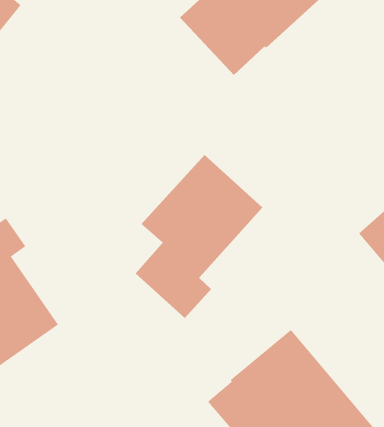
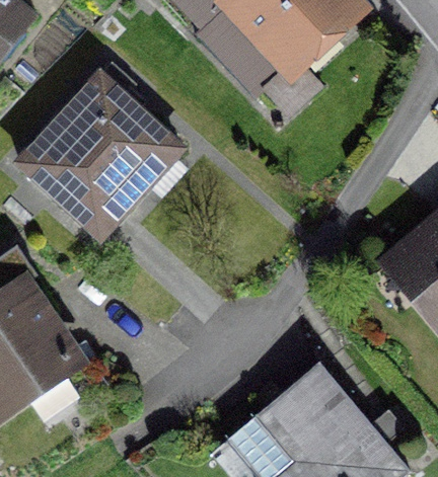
building: none -> [20,64,172,237]
building: [135,154,263,319] -> none

